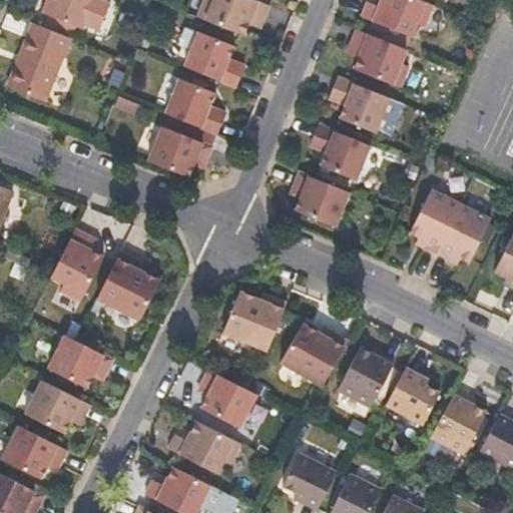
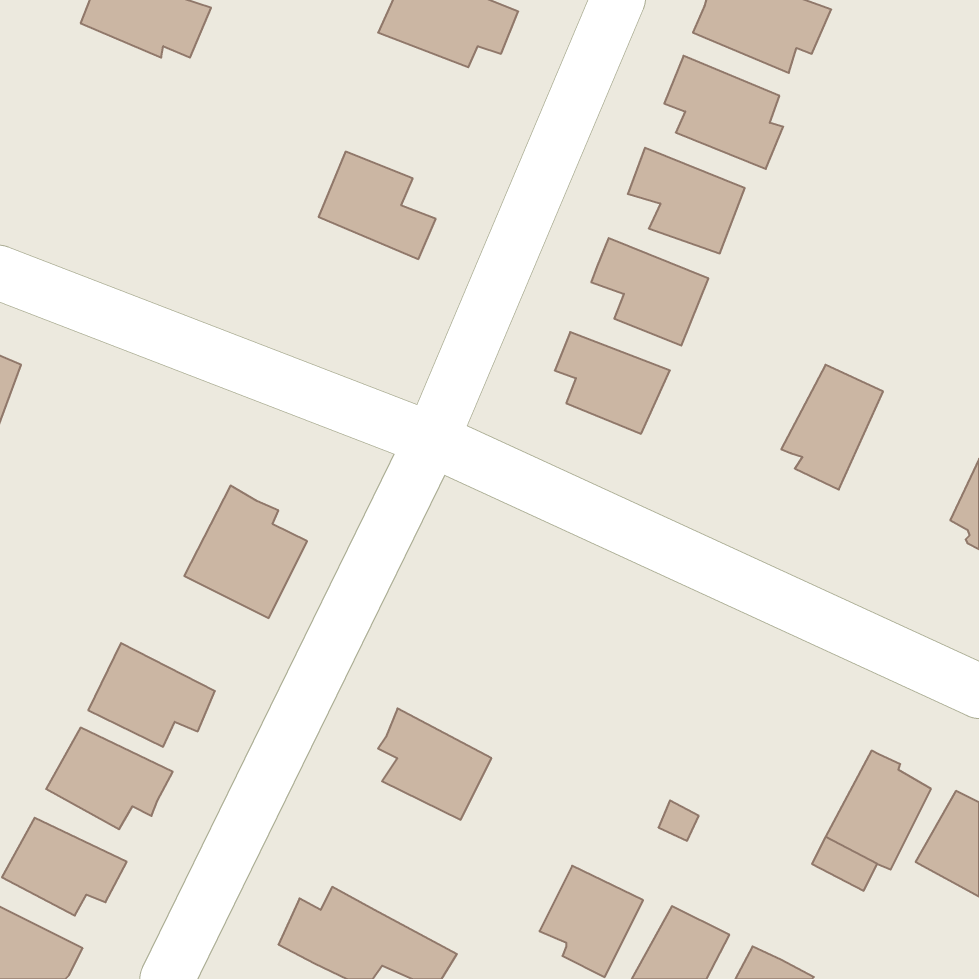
building: [6,24,70,102] -> none
building: [185,32,246,87] -> none
building: [148,126,213,178] -> none
building: [438,204,492,265] -> none
building: [48,228,102,302] -> none
building: [220,291,286,350] -> none
building: [279,323,347,386] -> none
building: [336,347,393,406] -> none
building: [386,368,439,424] -> none
building: [168,418,240,471] -> none

